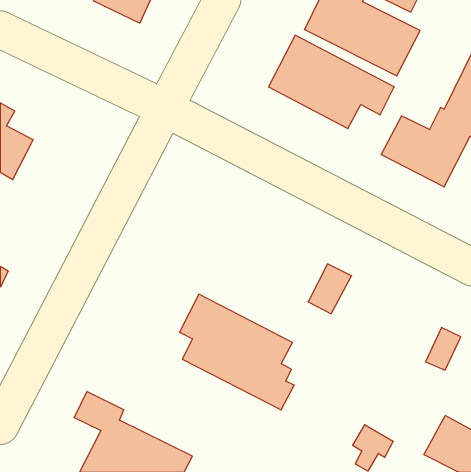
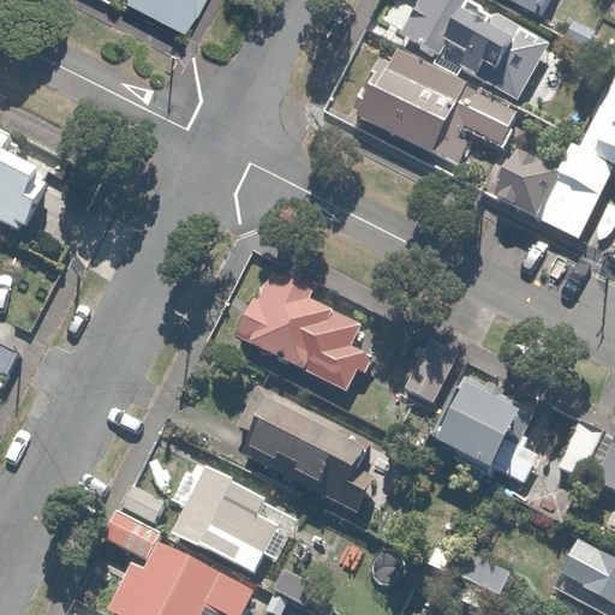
building: none -> [233,270,389,394]
building: none -> [430,375,543,489]
building: none -> [172,459,298,567]

